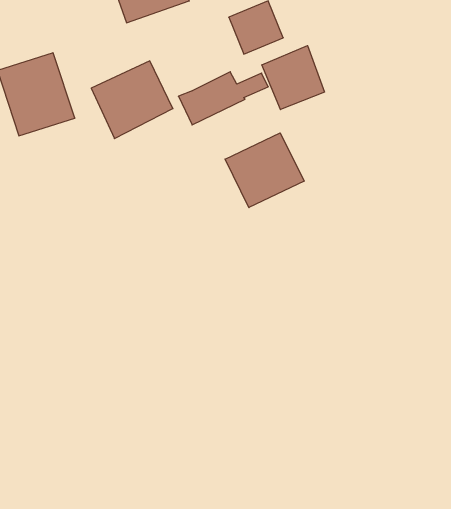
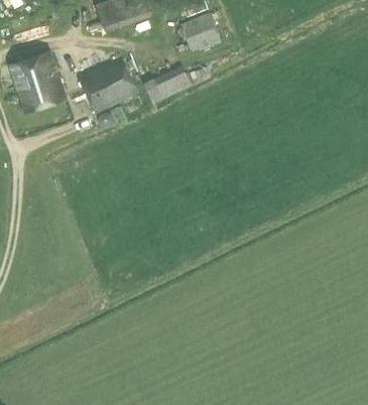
building: [262,46,324,110] -> none
building: [225,133,304,208] -> none

